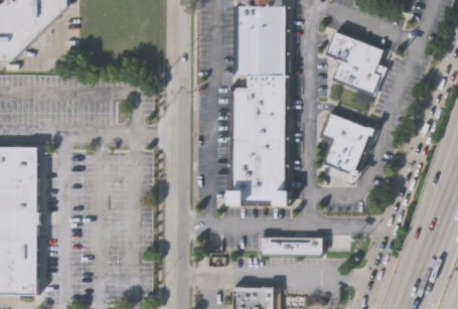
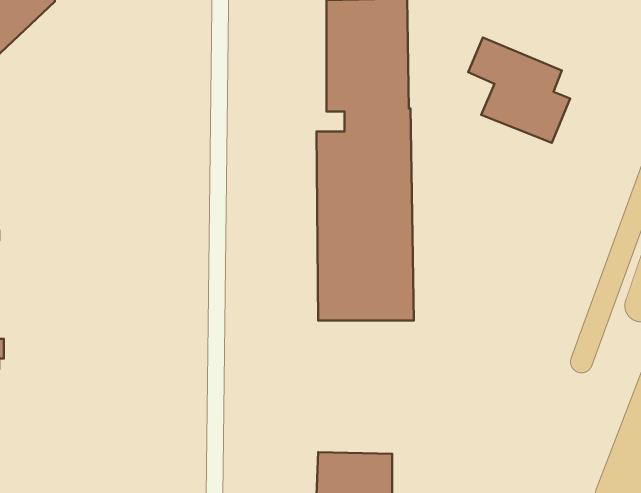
building: [316,113,367,175] -> none
building: [259,238,319,256] -> none

